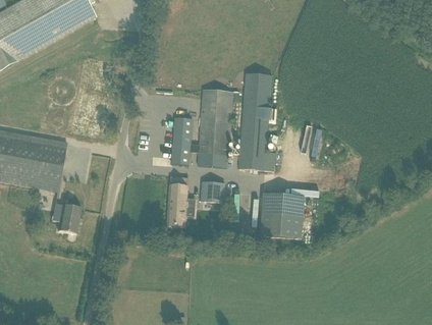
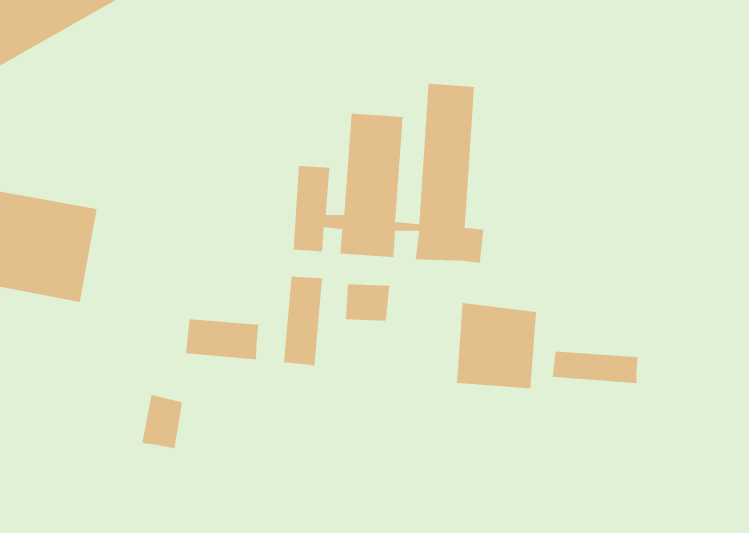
building: none -> [185,318,259,360]
building: [57,203,79,232] -> [141,395,183,449]
building: none -> [552,351,638,384]

